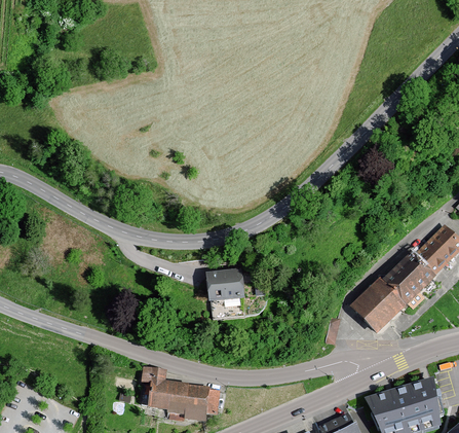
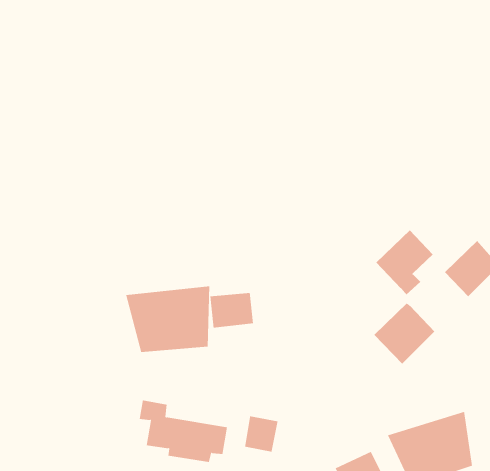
building: [385,250,437,310] -> [376,229,434,296]
building: none -> [126,286,210,353]
building: none -> [244,416,278,453]

